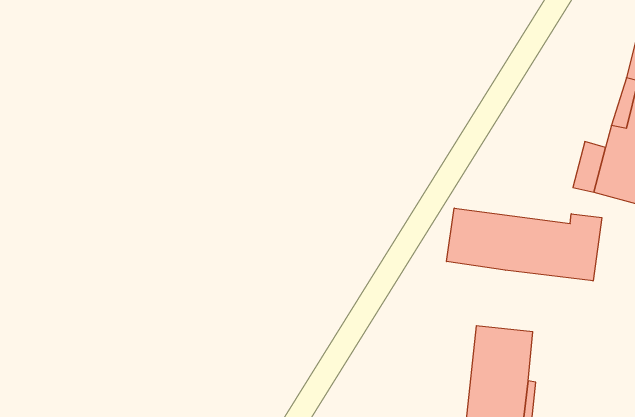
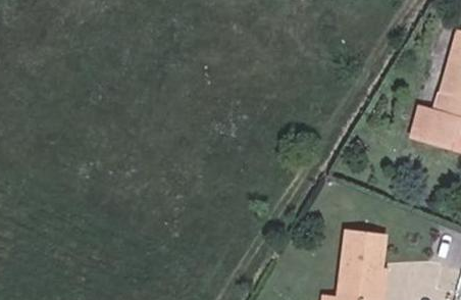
building: [447,208,602,281] -> none

